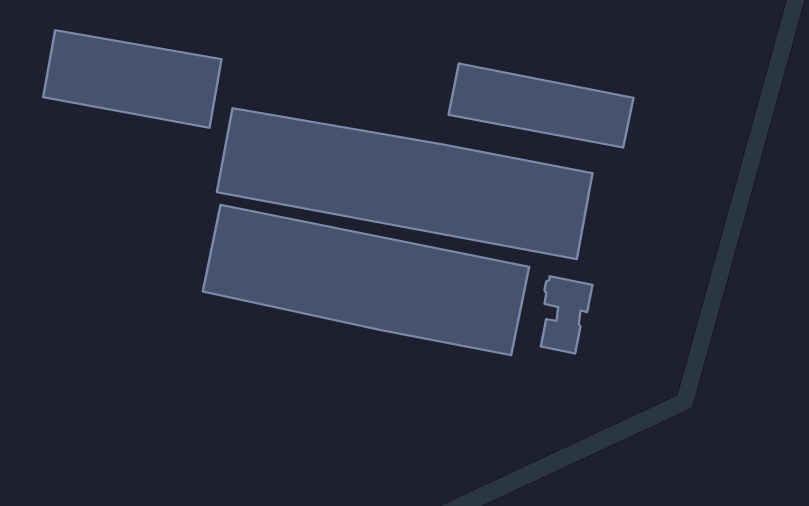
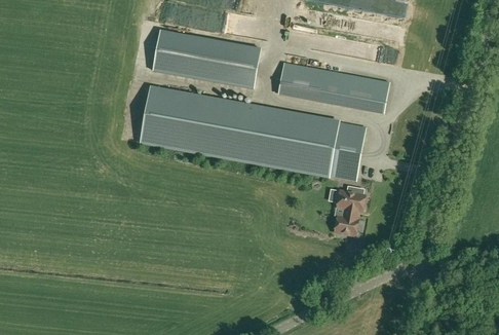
building: [43,30,221,128] -> [153,30,260,88]
building: [203,205,529,355] -> none

